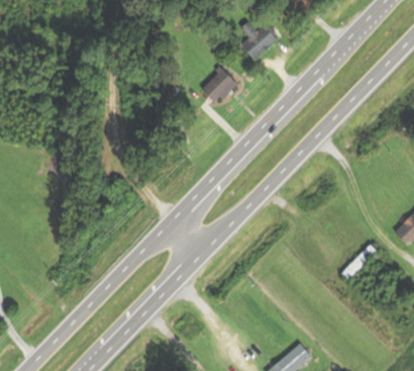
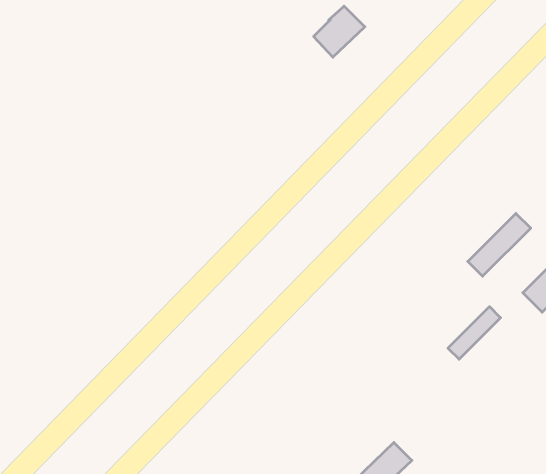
building: [201,69,237,104] -> none
building: none -> [468,213,531,276]

